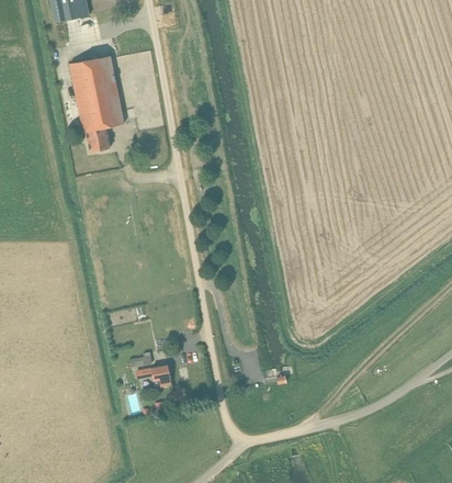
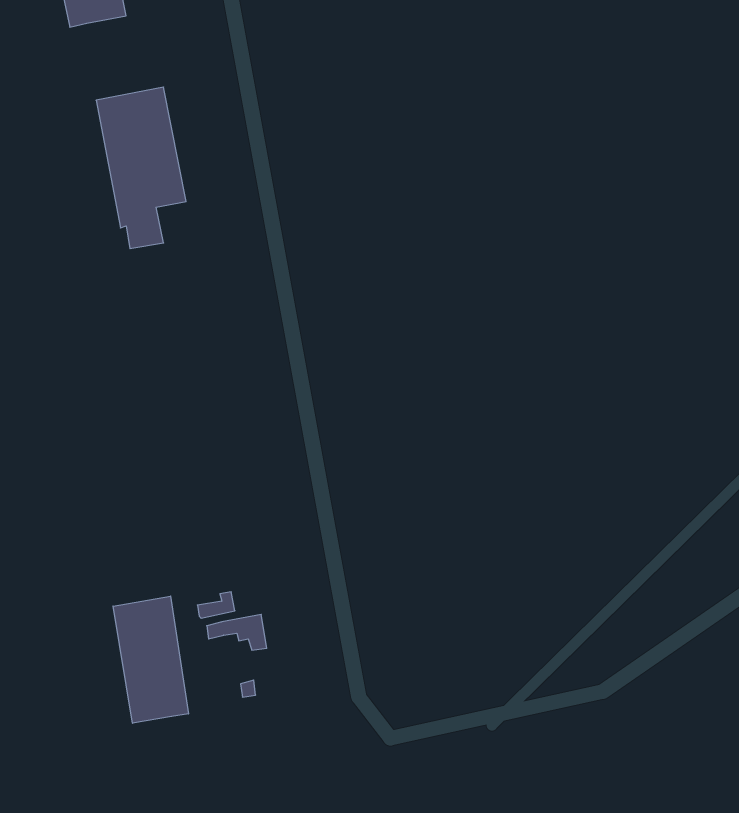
building: none -> [113,596,188,723]

